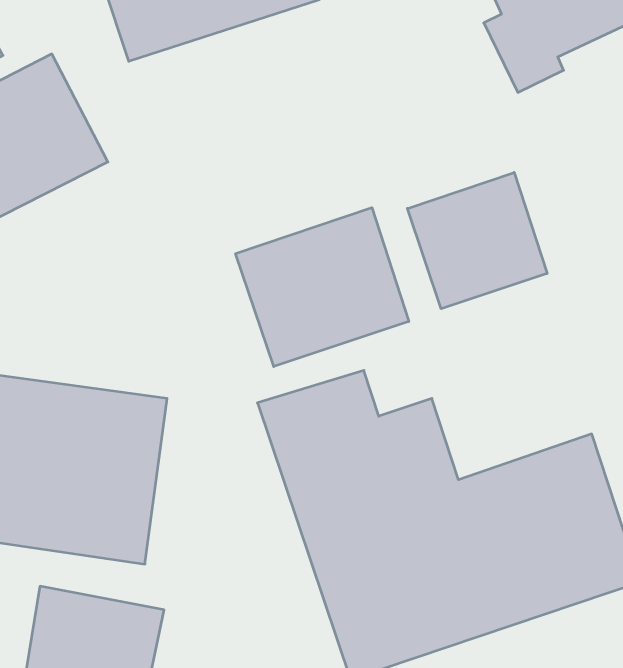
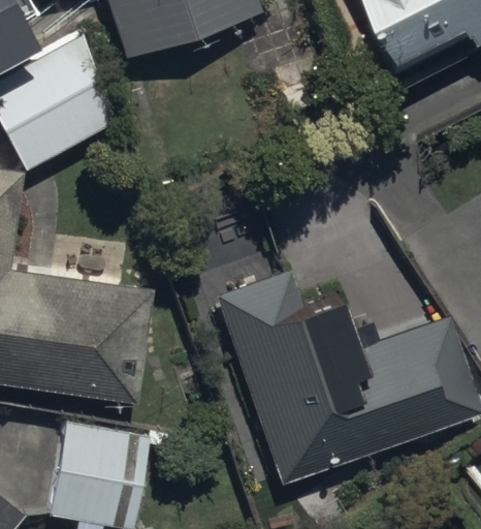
building: [407,172,547,309] -> none
building: [236,208,409,367] -> none

